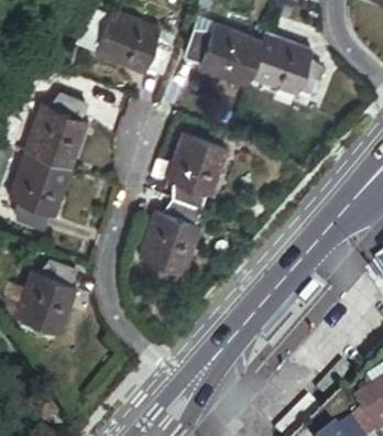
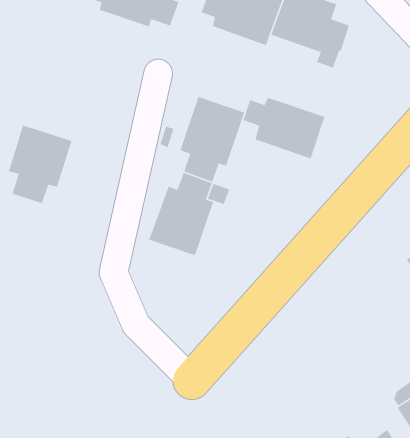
building: [29,87,89,165] -> none
building: none -> [243,97,326,160]
building: [17,254,77,327] -> none

